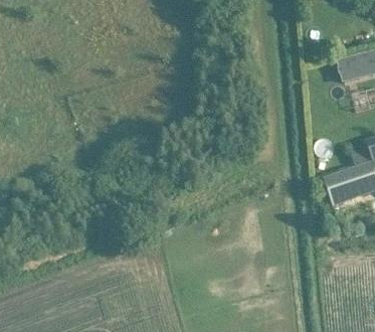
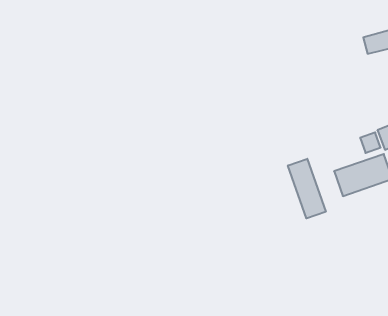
building: none -> [288,159,326,218]

